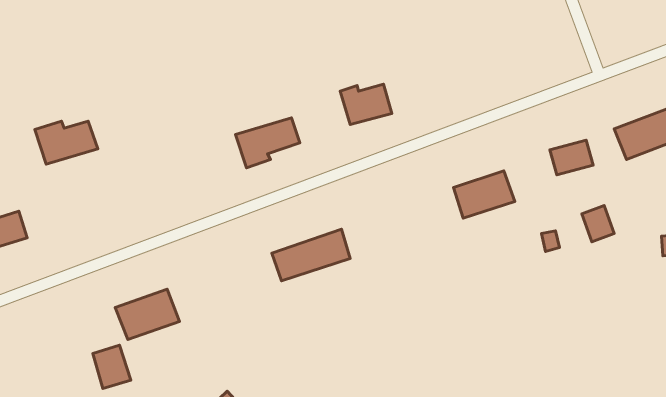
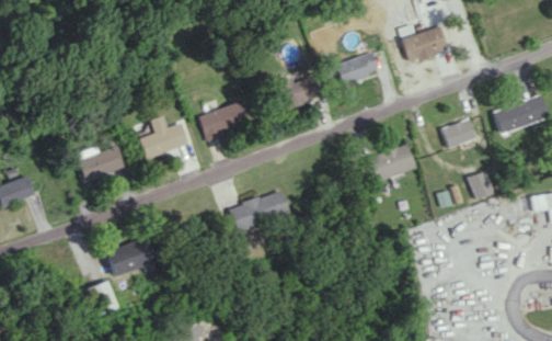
building: none -> [407,25,451,61]
building: none -> [338,53,381,83]
building: [35,121,98,164] -> [74,146,124,180]
building: none -> [138,115,188,160]

